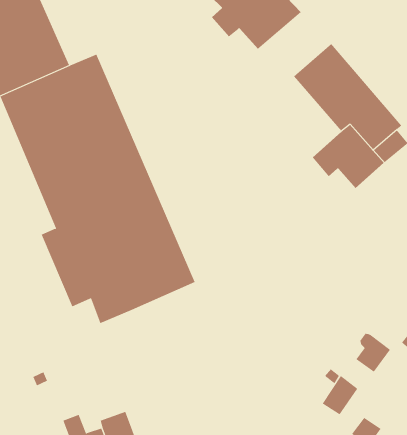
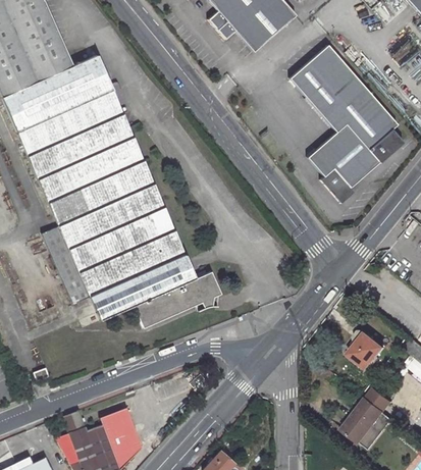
building: none -> [322,168,355,202]
building: none -> [133,272,222,328]
building: [322,375,358,416] -> [360,384,396,424]

